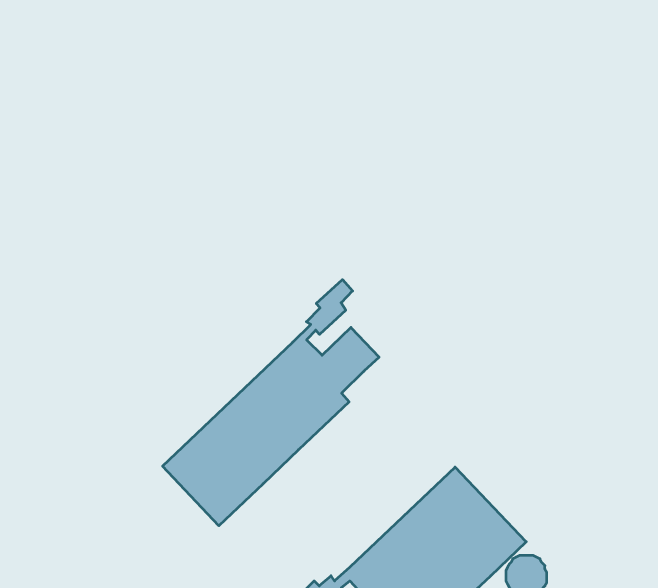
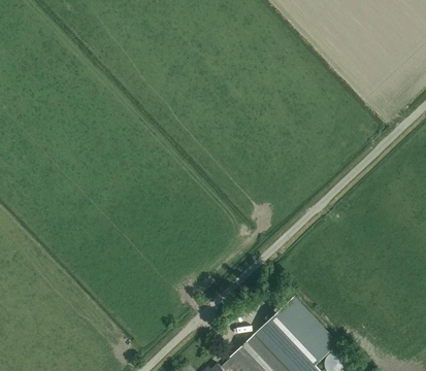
building: [163,280,379,526] -> none

